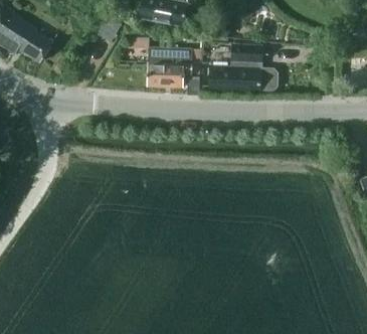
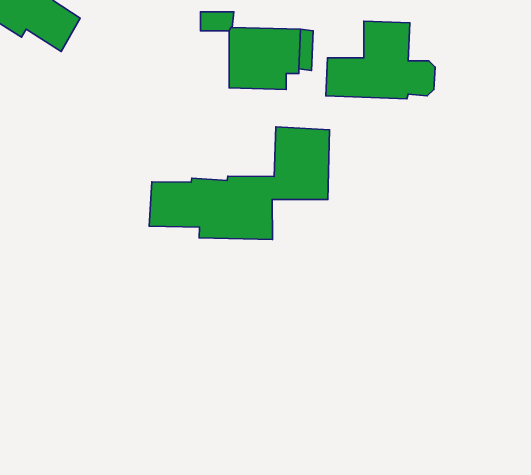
building: none -> [149,127,330,240]

